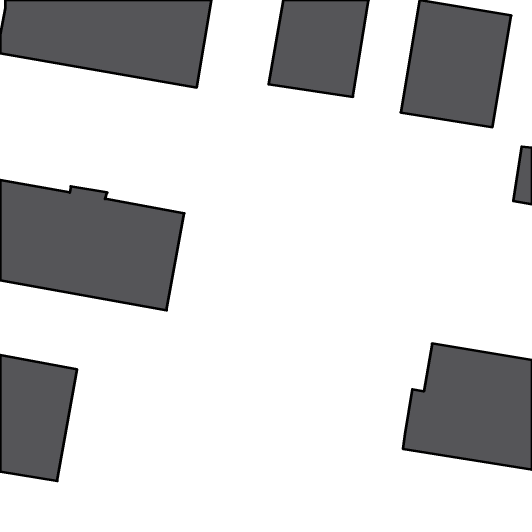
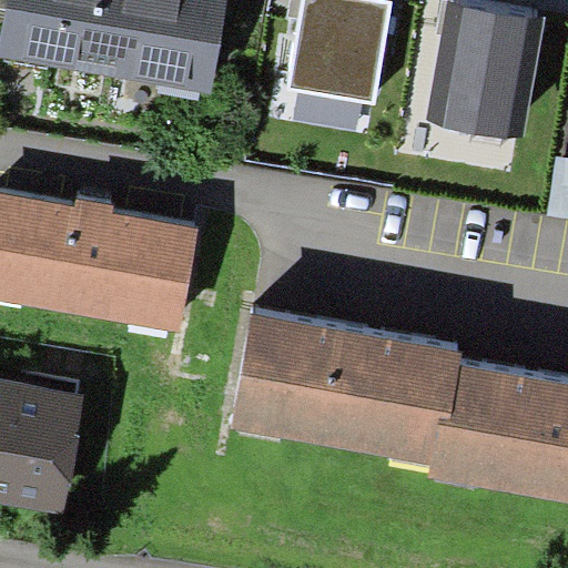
building: none -> [232,314,463,463]

